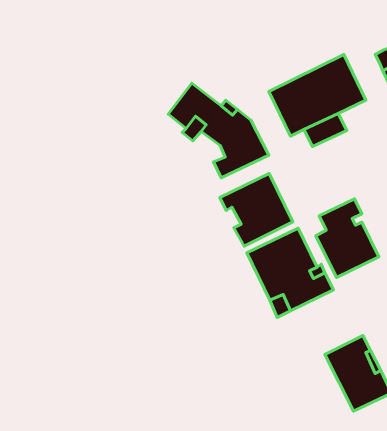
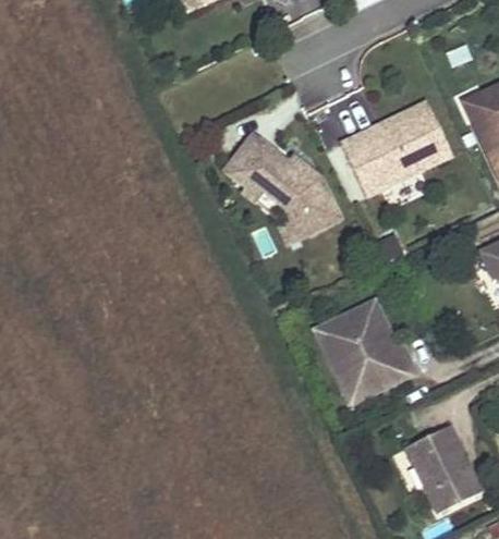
building: [220,173,293,246] -> none
building: [316,199,379,278] -> none

